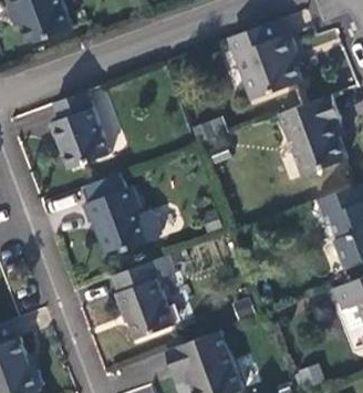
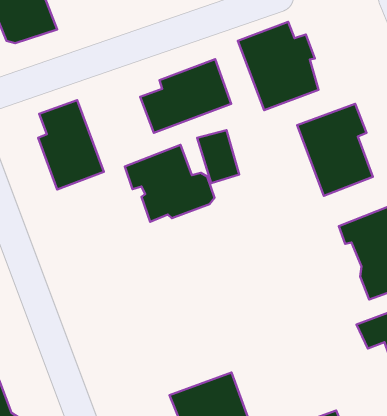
building: none -> [140,59,231,133]
building: [84,185,163,252] -> [125,145,215,222]
building: [113,261,173,338] -> none

